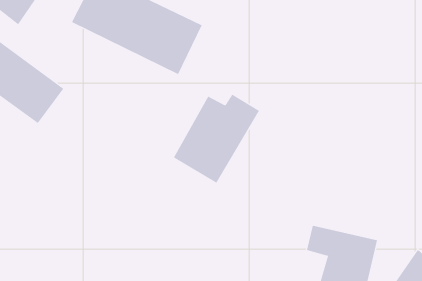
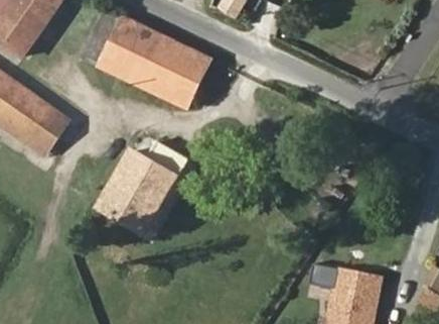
building: [173,94,260,183] -> [98,145,185,236]

